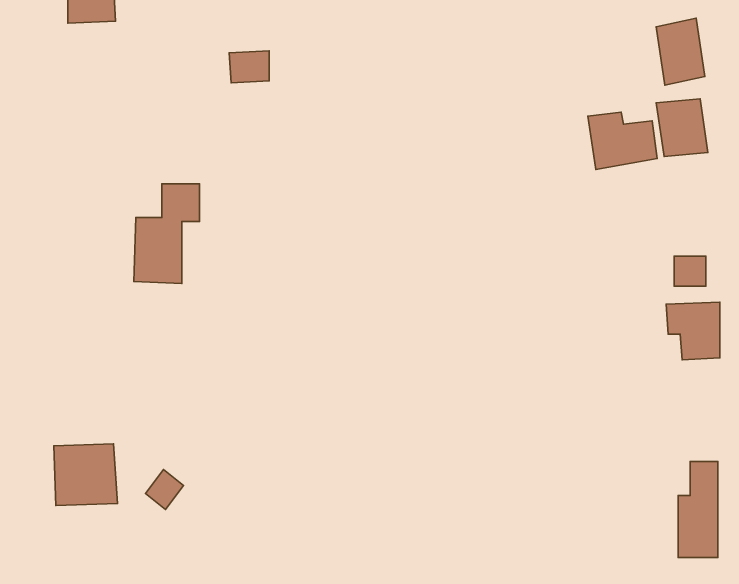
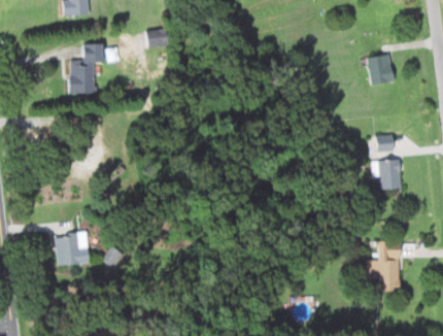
building: [656,18,705,85] -> none
building: [588,112,657,170] -> none
building: [134,184,200,283] -> [69,43,103,95]

